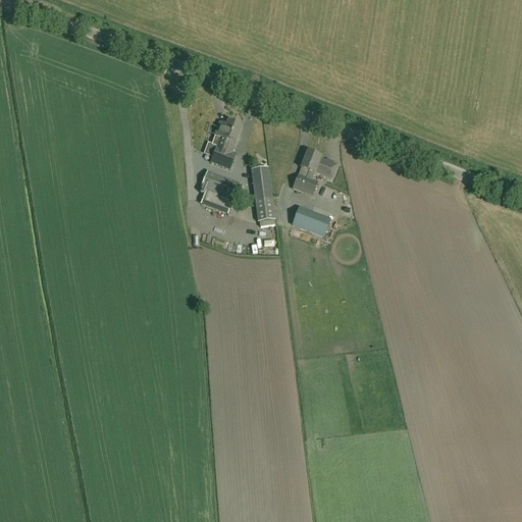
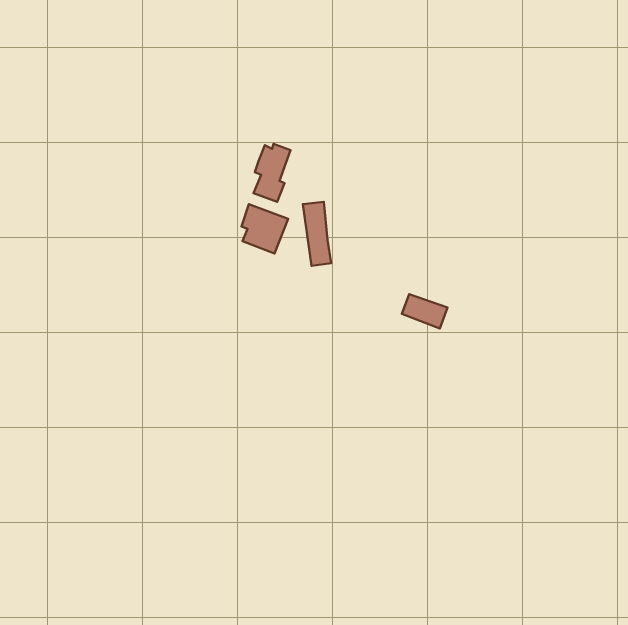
building: [293,150,337,195] -> none
building: [292,207,329,236] -> [402,294,447,329]

